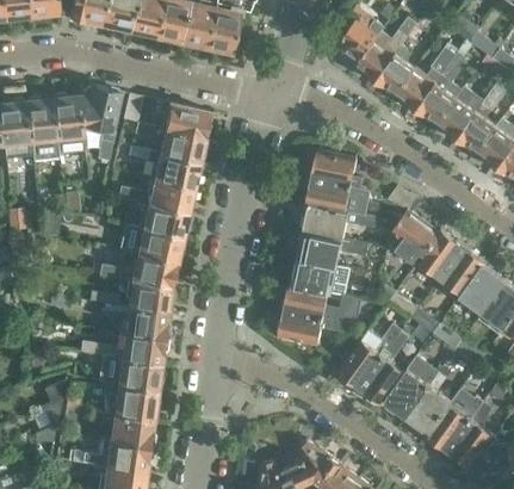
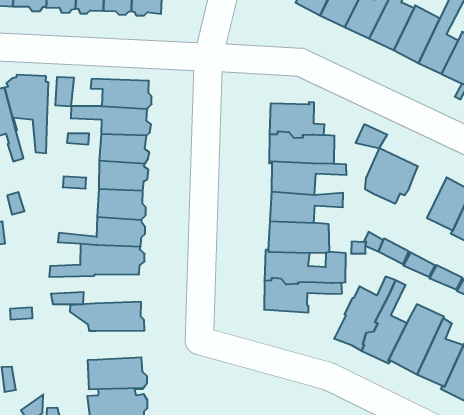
building: [415,231,464,280] -> none
building: [128,279,175,311] -> none
building: [81,330,168,361] -> none

